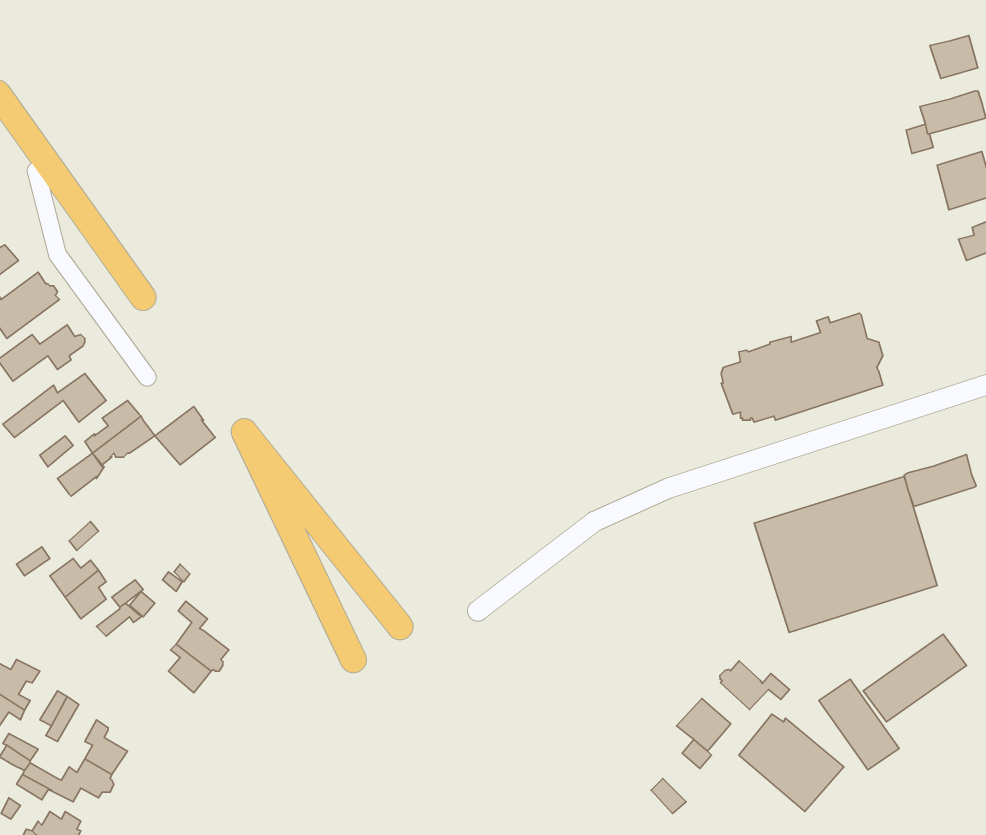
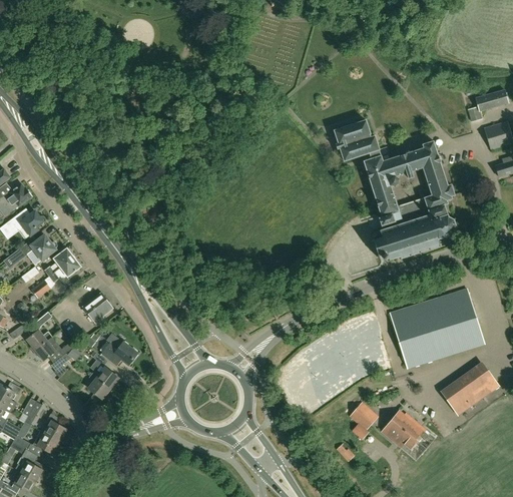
building: [930,36,978,79] -> none
building: none -> [333,119,454,223]
building: [155,406,215,465] -> [81,292,112,322]
building: [904,455,976,507] -> none
building: none -> [100,339,140,366]
building: [720,661,790,710] -> none
building: [819,679,899,770] -> none

